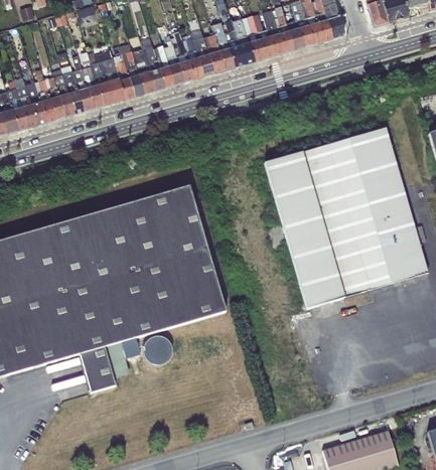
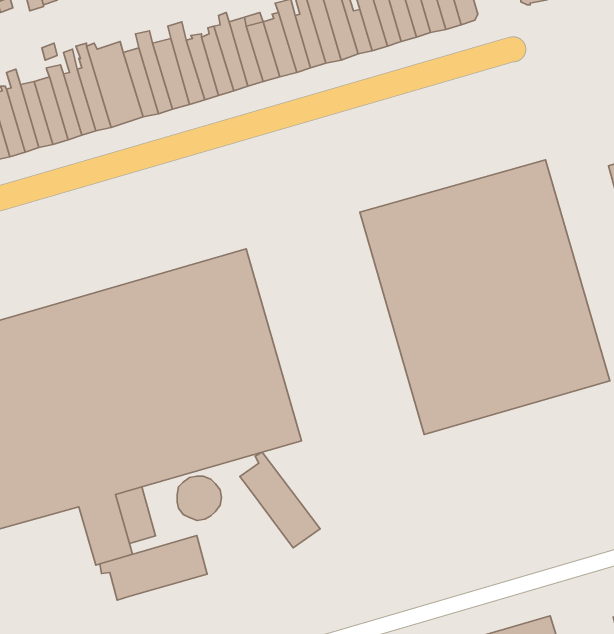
building: none -> [240,452,320,548]
building: none -> [100,535,207,600]

